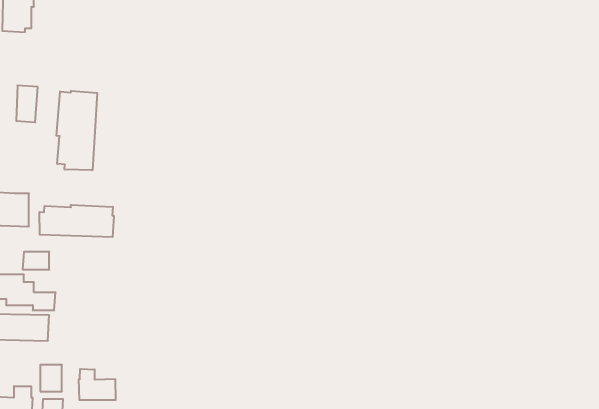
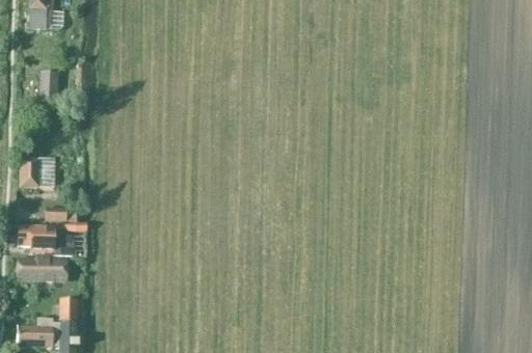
building: [56,91,97,170] -> none
building: [40,205,114,237] -> none
building: [79,369,116,400] -> none

